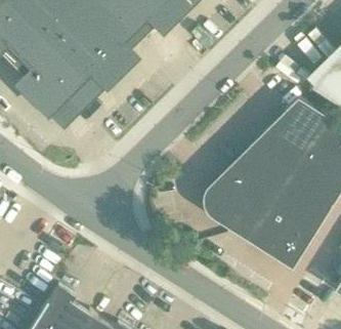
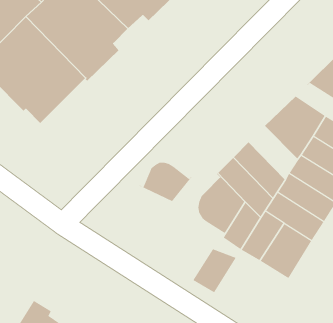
building: [256,126,301,175] -> none
building: none -> [139,162,192,202]
building: none -> [192,249,236,293]

